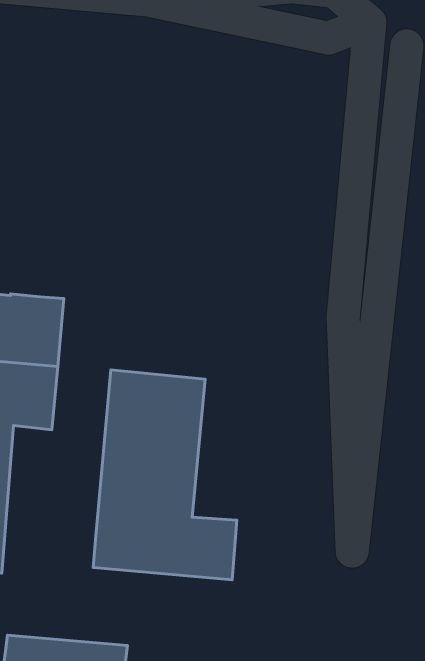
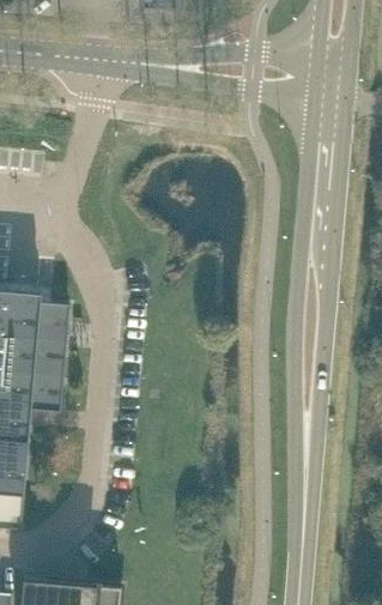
building: [93,370,237,580] -> none

